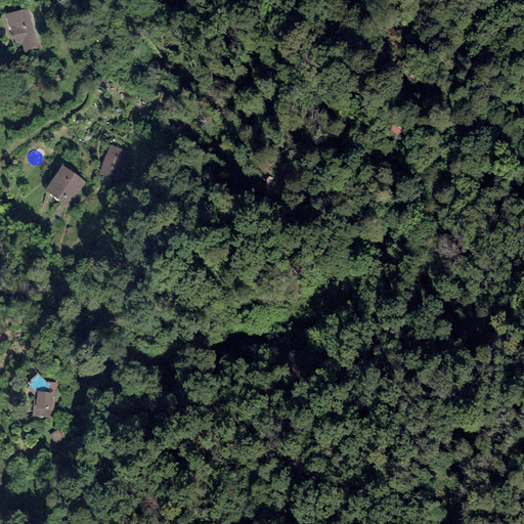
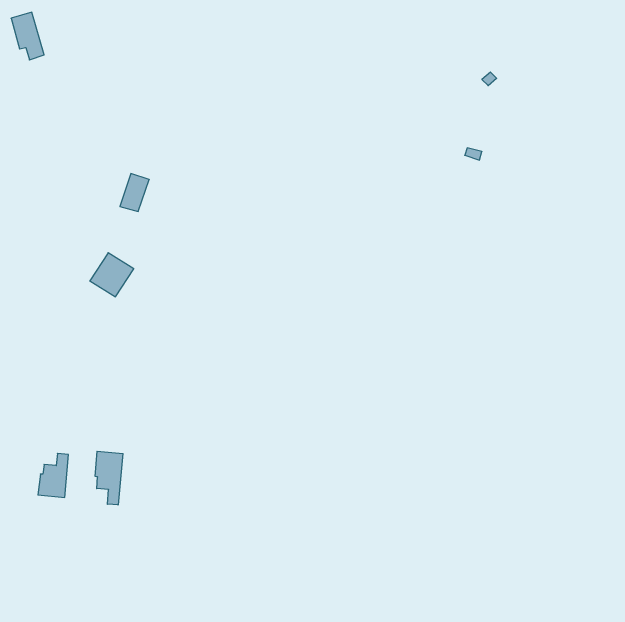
building: [47,168,84,205] -> [90,253,134,297]
building: none -> [95,451,123,505]

